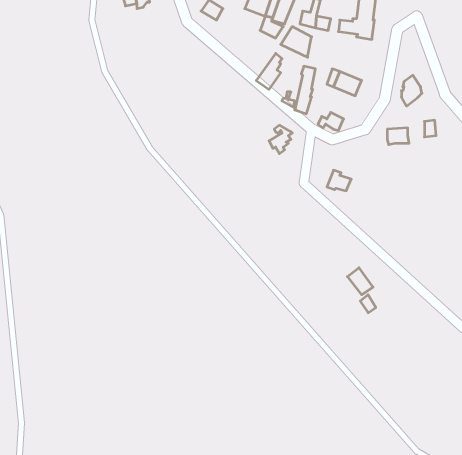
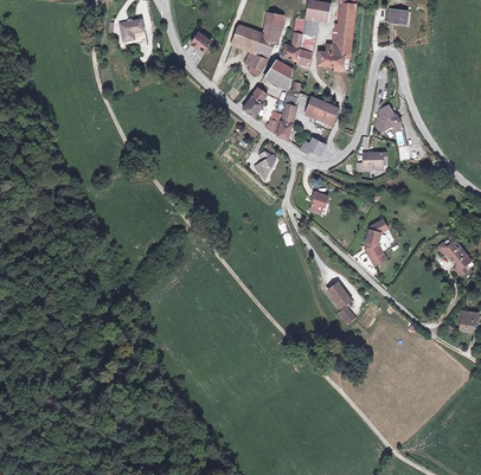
building: none -> [361,219,385,265]

